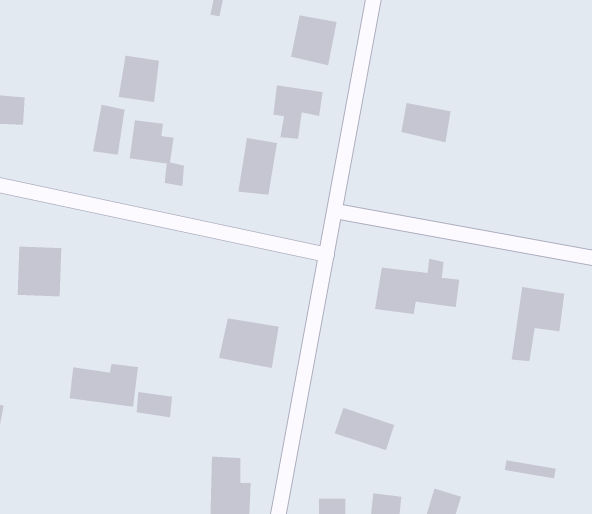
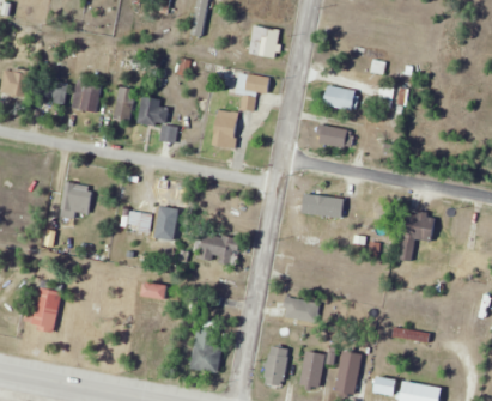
building: [118,55,160,102] -> [71,80,99,113]
building: none -> [315,126,352,150]
building: [69,363,139,407] -> [126,208,174,238]

